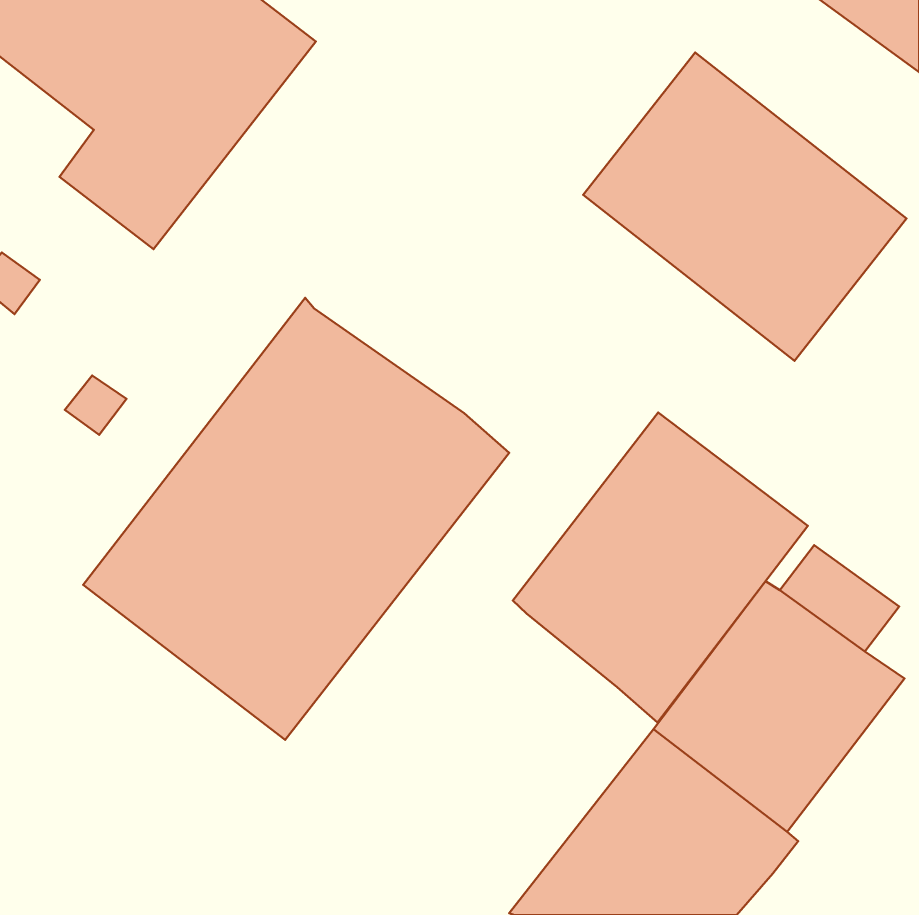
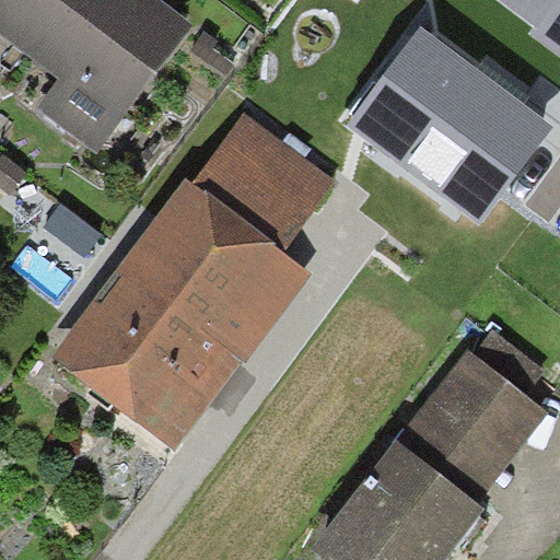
building: none -> [190,115,332,250]
building: [513,412,808,722] -> none

